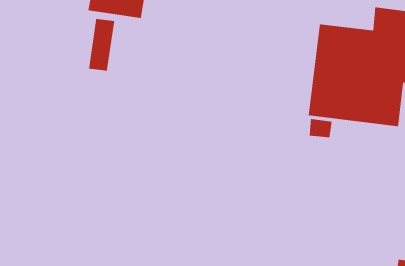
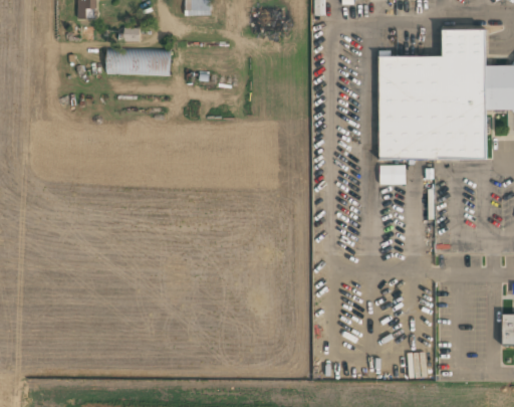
building: [88,18,115,72] -> none

